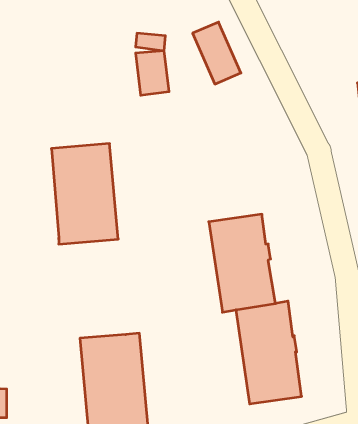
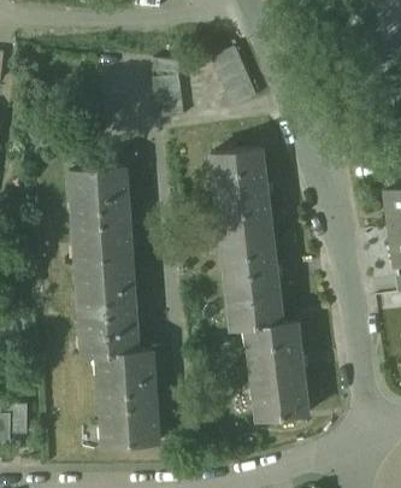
building: none -> [208,147,273,245]
building: none -> [76,261,141,359]

